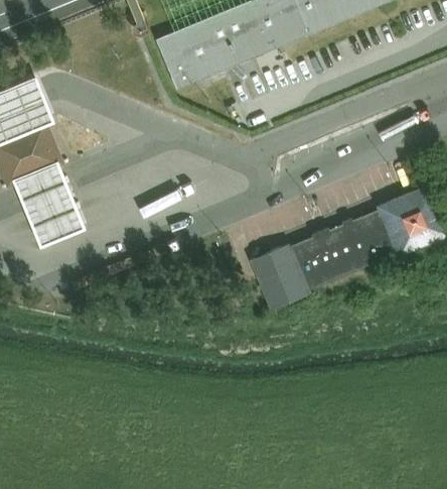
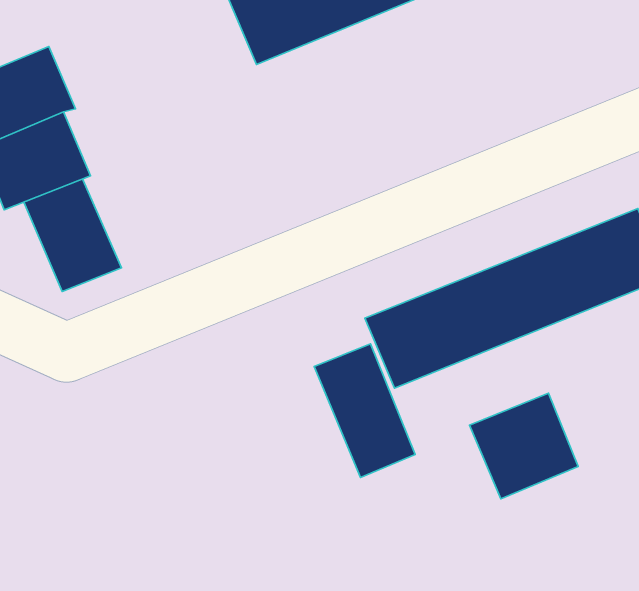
building: none -> [314,344,415,478]
building: none -> [469,393,578,499]

